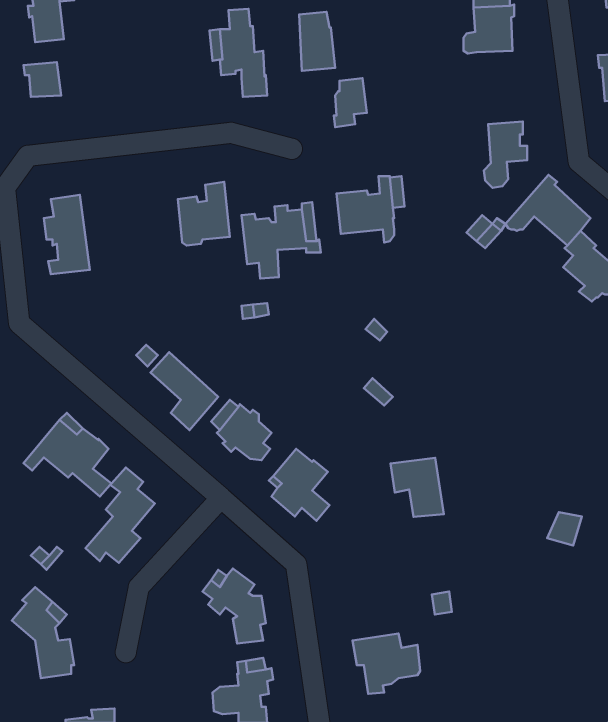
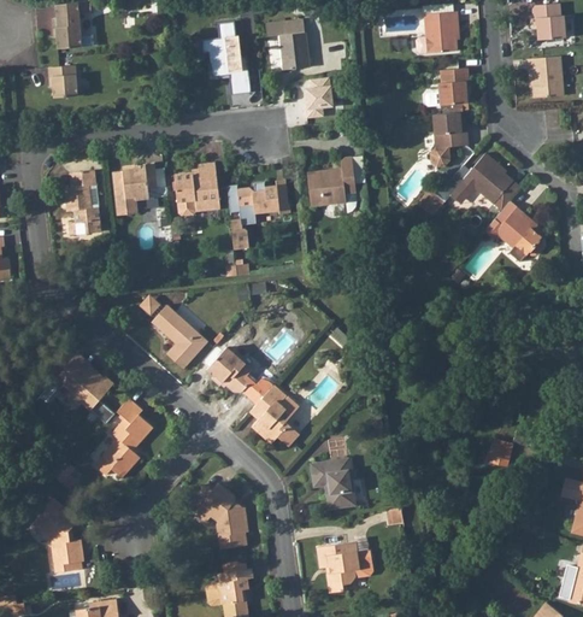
building: none -> [423,70,467,106]
building: none -> [114,166,169,217]
building: [390,458,444,517] -> [313,458,358,507]

